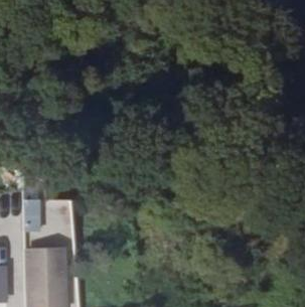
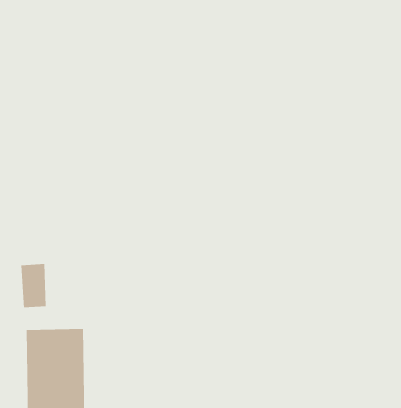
building: [43,198,72,234] -> none

